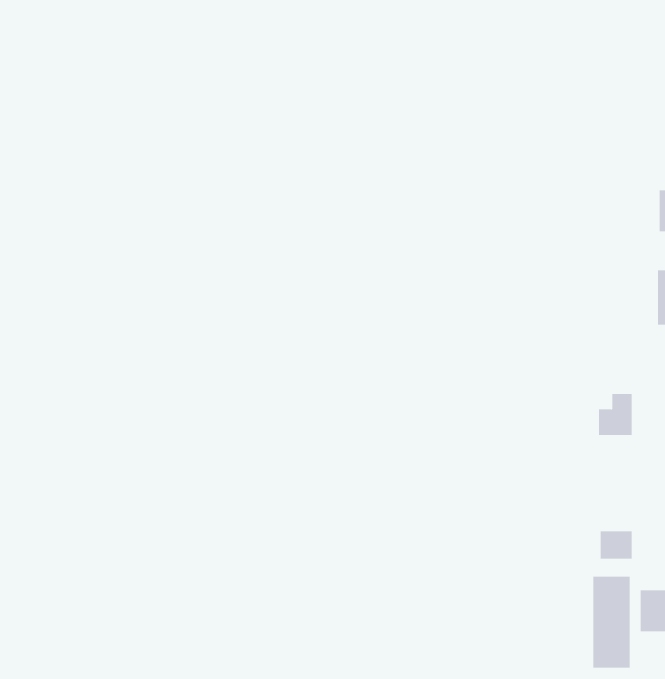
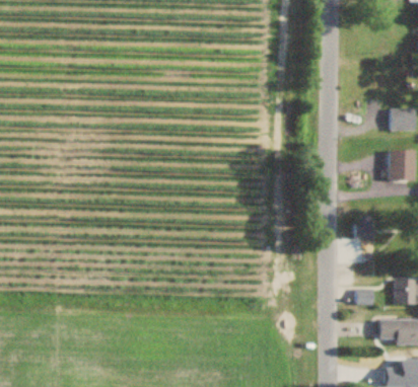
building: [593,576,630,669] -> none

